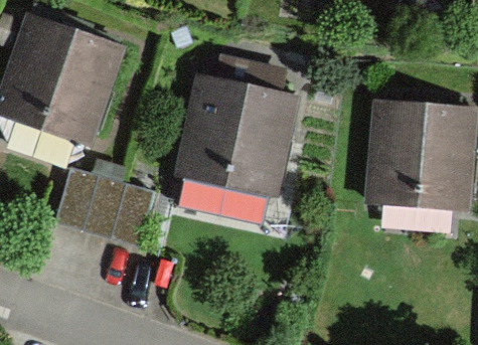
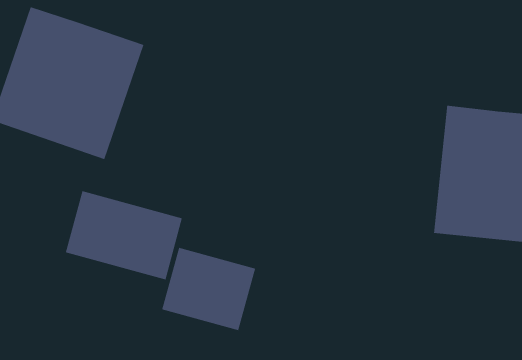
building: [176,76,296,198] -> none
building: none -> [161,247,256,331]

